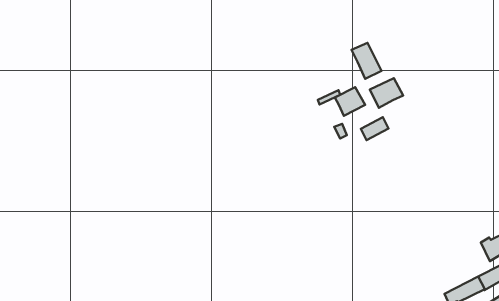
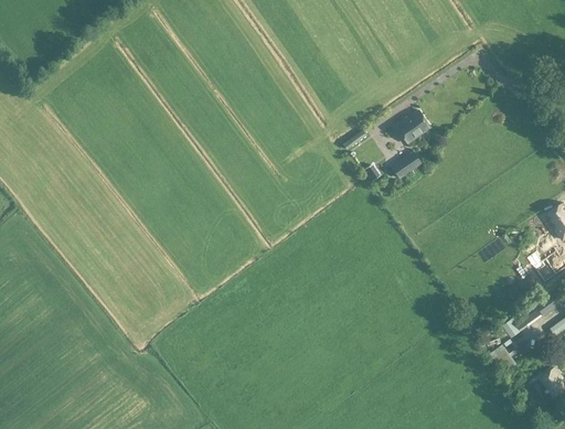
building: [352,43,381,79] -> none
building: [335,87,365,116] -> none

